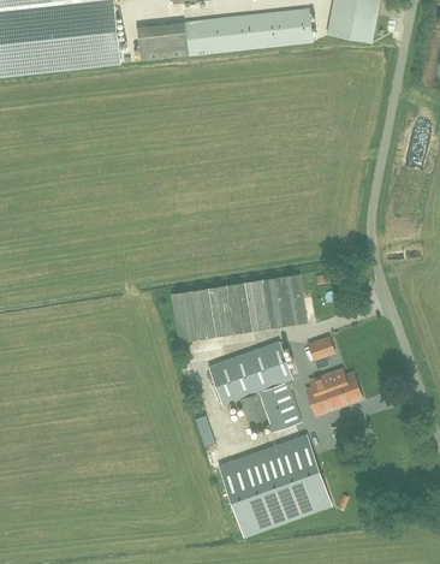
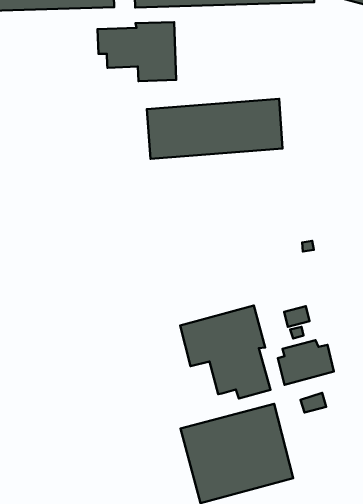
building: none -> [98,22,176,81]
building: [171,273,305,342] -> [147,99,283,159]

